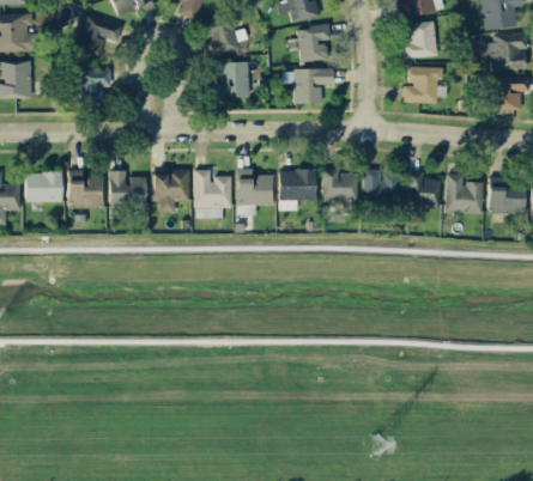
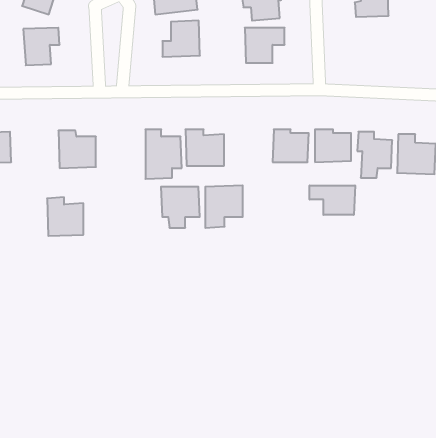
building: [402,66,444,103] -> none
building: [67,169,103,207] -> [47,197,83,236]
building: [278,169,315,211] -> [205,185,243,228]
building: [151,171,189,212] -> [161,187,200,228]
building: none -> [310,185,355,215]

